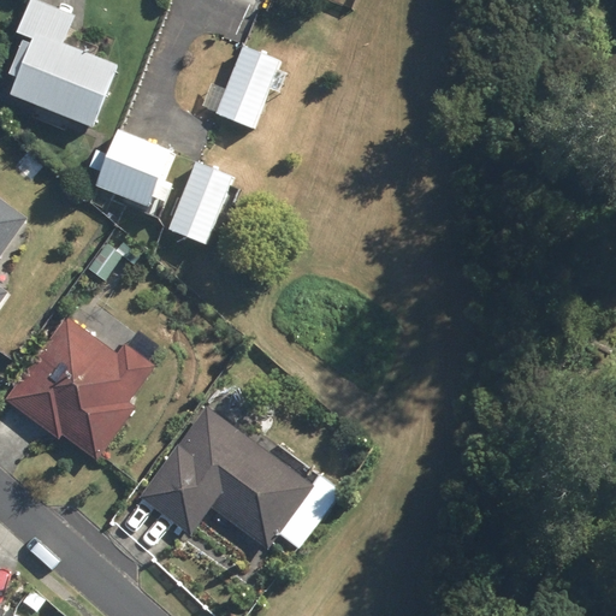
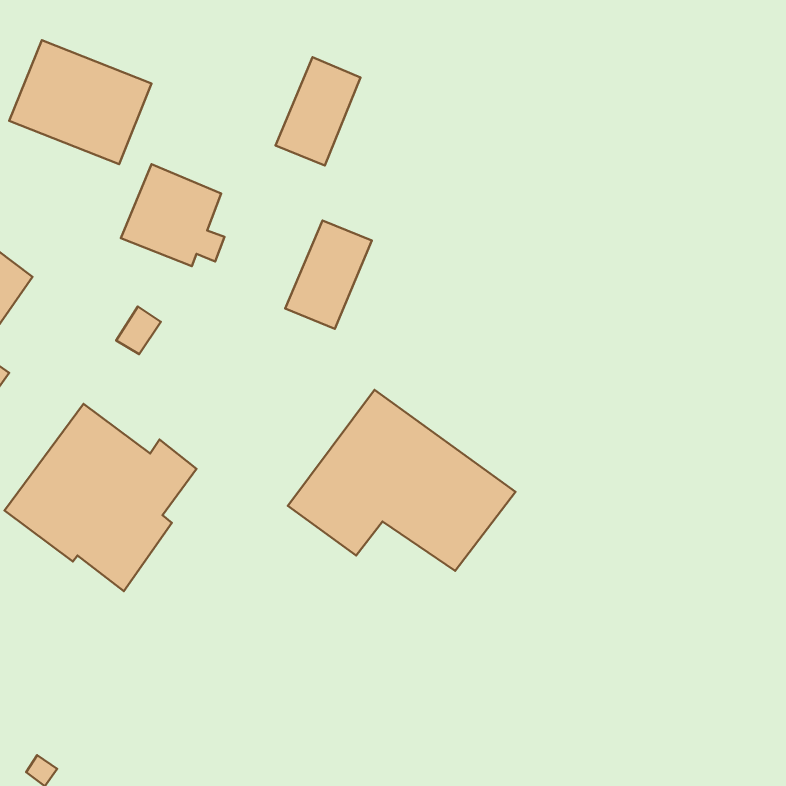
building: [166,160,233,244] -> [285,220,372,329]
building: [137,405,314,546] -> [288,390,515,571]

